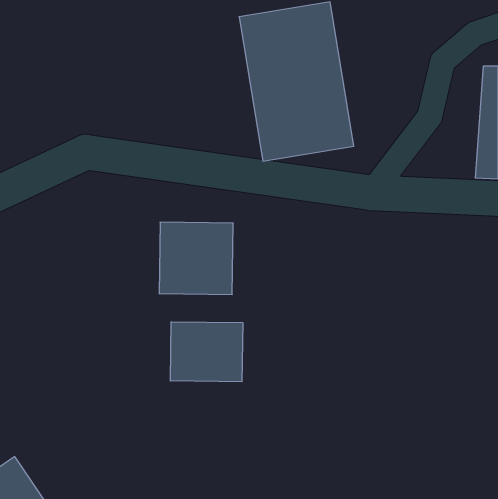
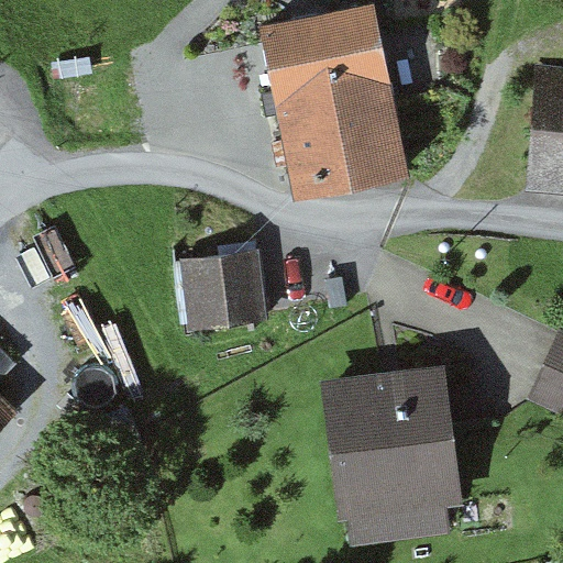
building: [170,322,243,382] -> none
building: none -> [334,379,461,532]

